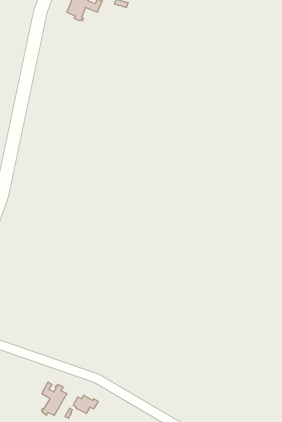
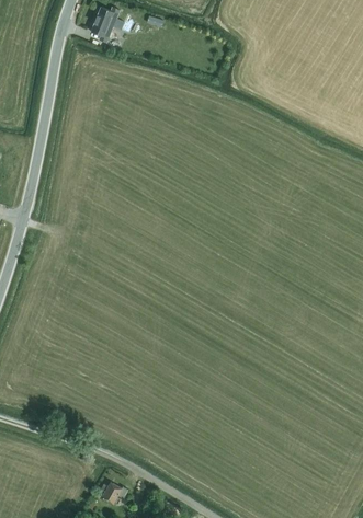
building: [41,382,67,416] -> none

